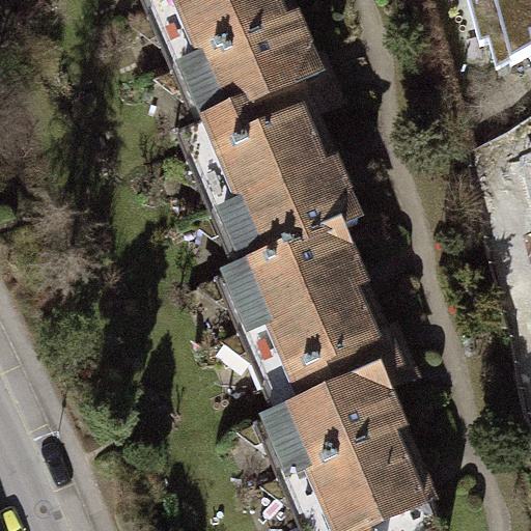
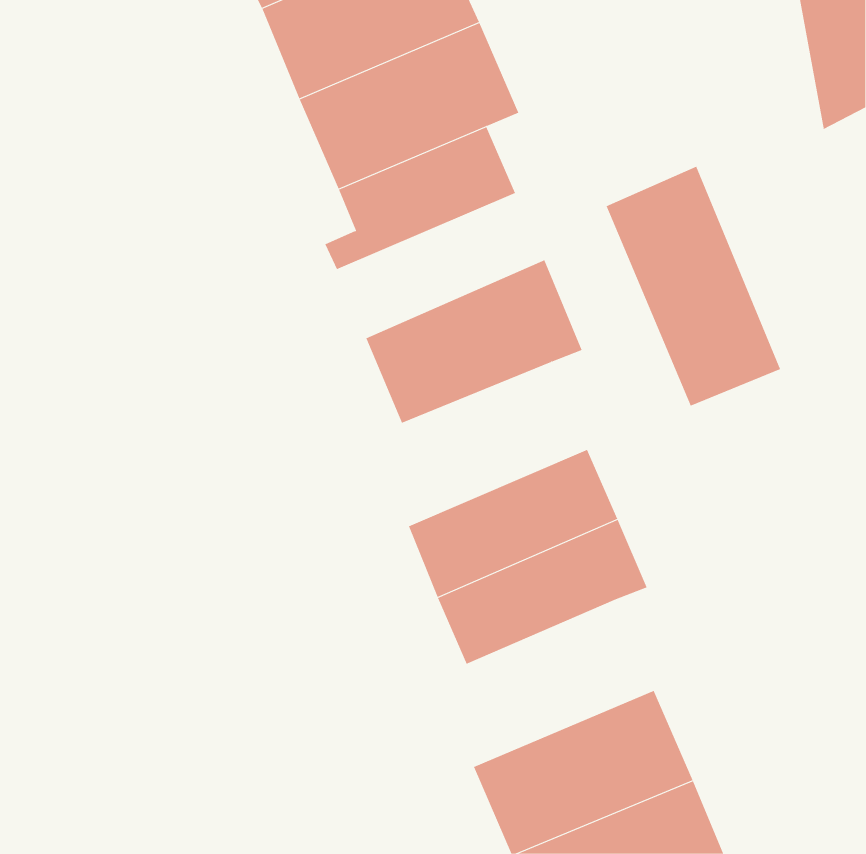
building: none -> [606,166,781,407]
building: [204,117,331,205] -> none
building: [225,220,357,319] -> none
building: [264,364,397,466] -> none

